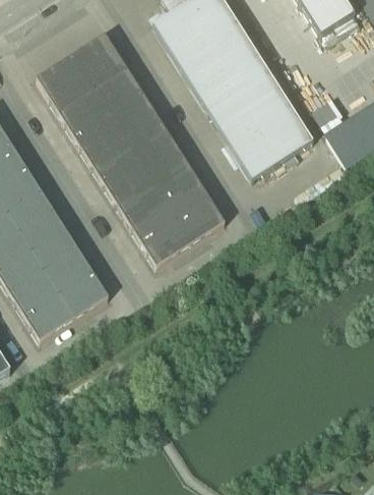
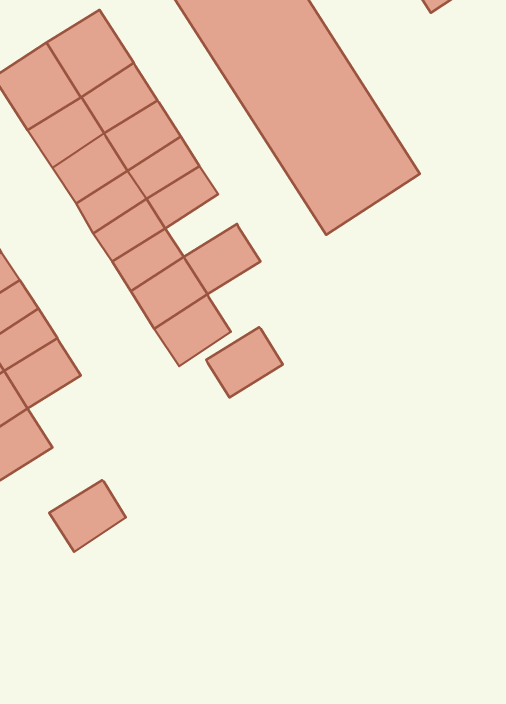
building: [146,152,193,193] -> none
building: [174,196,224,241] -> [206,327,283,397]
building: [57,270,107,317] -> [49,480,126,552]

